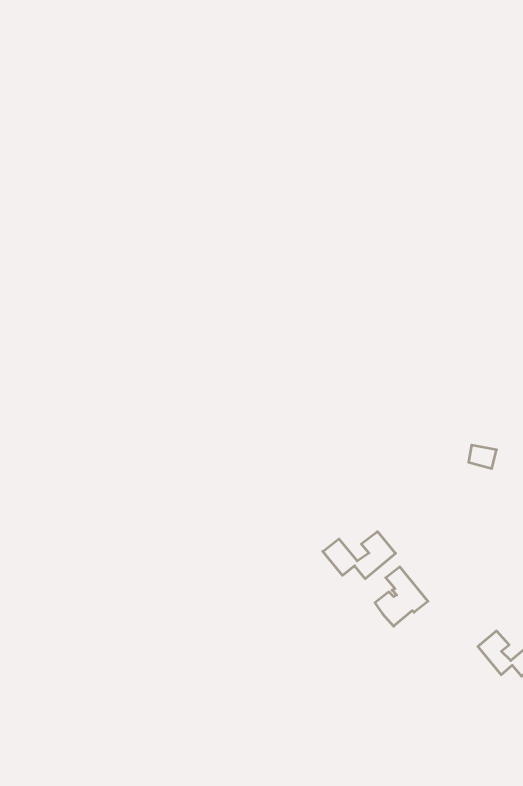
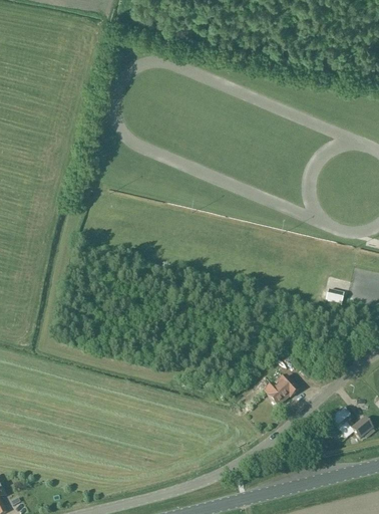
building: [323,532,396,579] -> none

